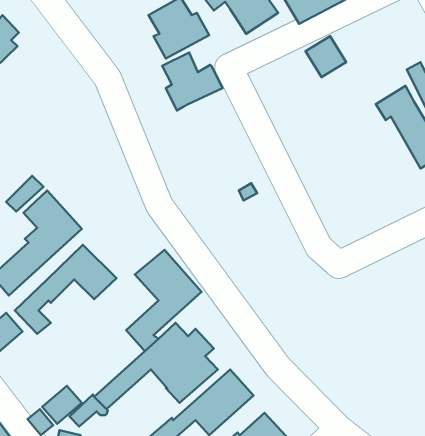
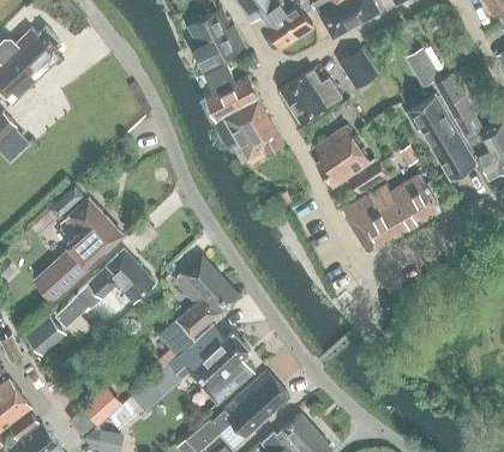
building: none -> [404,47,439,88]
building: none -> [280,70,341,123]
building: none -> [212,100,283,157]
building: none -> [314,127,385,193]
building: none -> [341,175,439,252]

